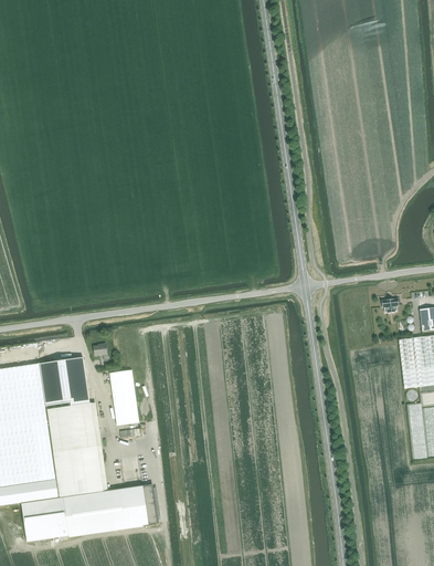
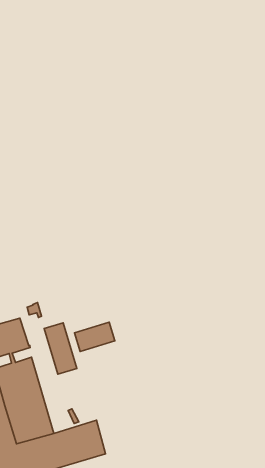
building: none -> [75,322,115,351]

